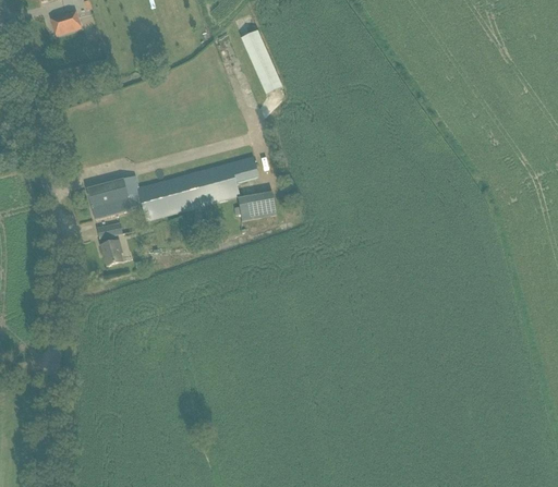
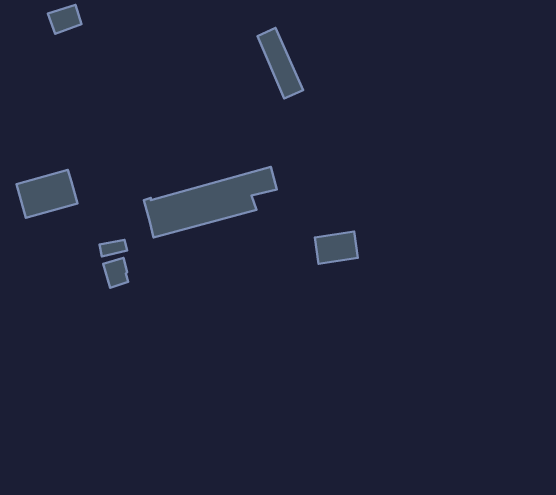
building: [86,175,142,219] -> [16,170,77,218]
building: [236,190,276,219] -> [315,231,358,264]

